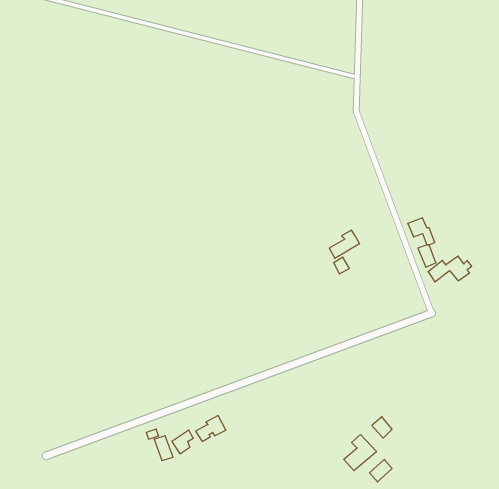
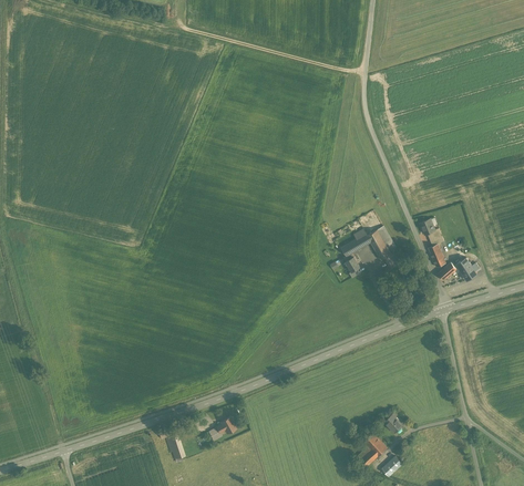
building: none -> [366,227,397,260]

